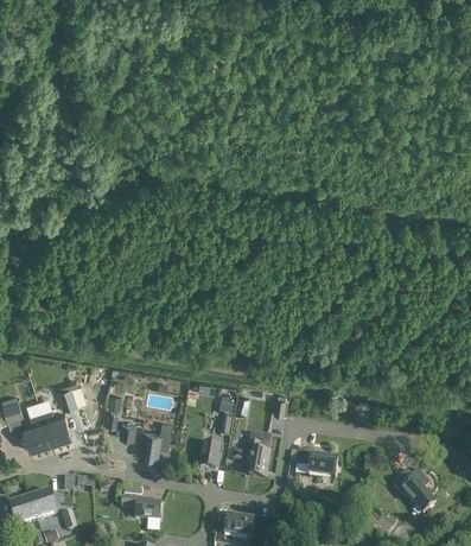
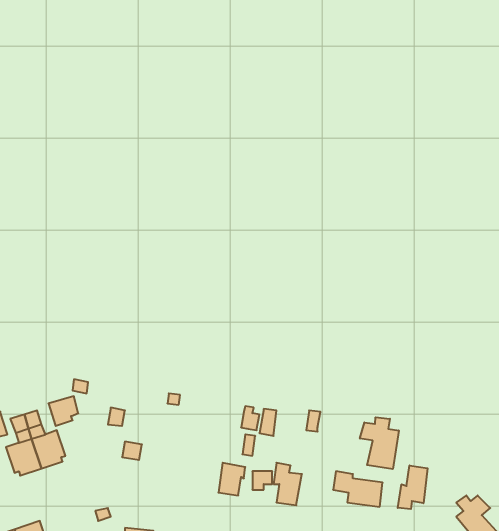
building: none -> [360,417,399,469]
building: [140,424,171,459] -> none
building: none -> [398,465,428,509]

